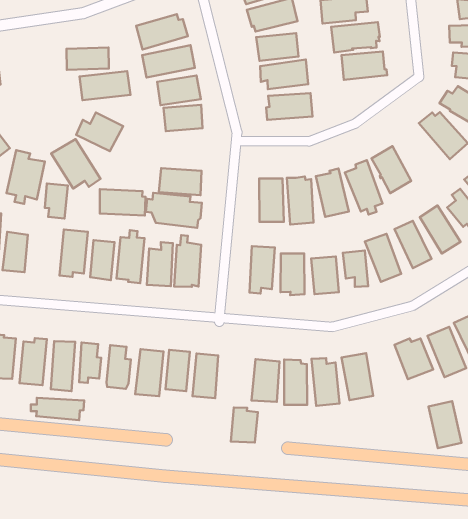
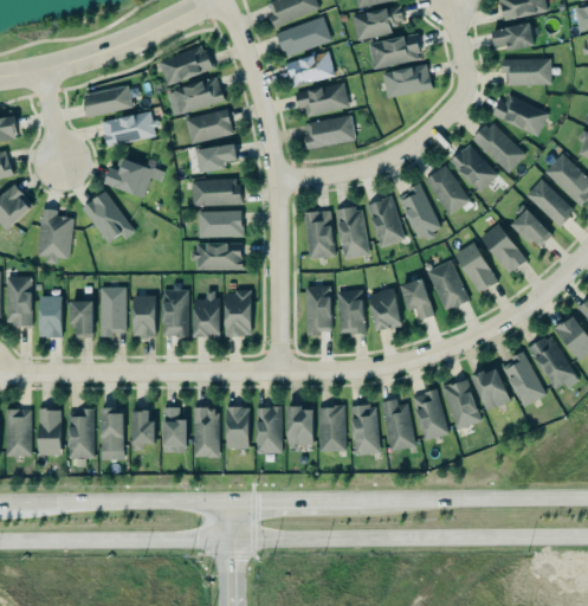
building: none -> [451,143,499,193]
building: [45,184,68,218] -> [70,302,92,337]
building: [100,189,145,216] -> [189,178,240,206]
building: [31,398,84,420] -> none
building: [429,401,461,448] -> [442,379,482,431]
building: [231,408,258,443] -> [286,407,312,445]

